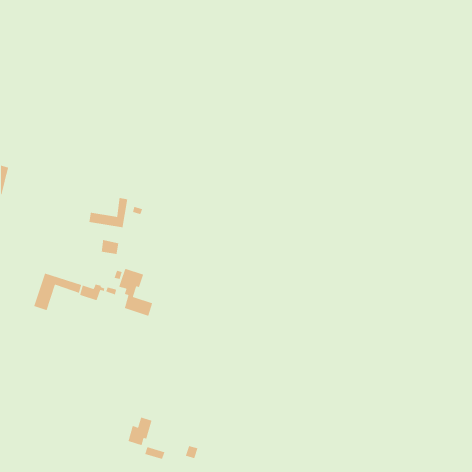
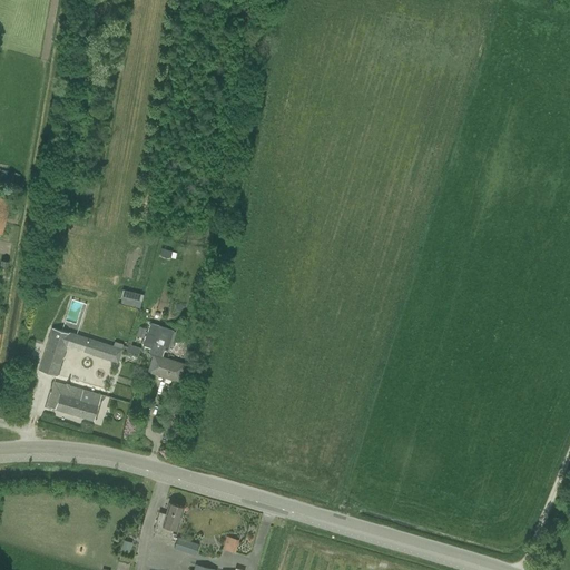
building: [89,197,128,228] -> none
building: none -> [47,383,101,421]

